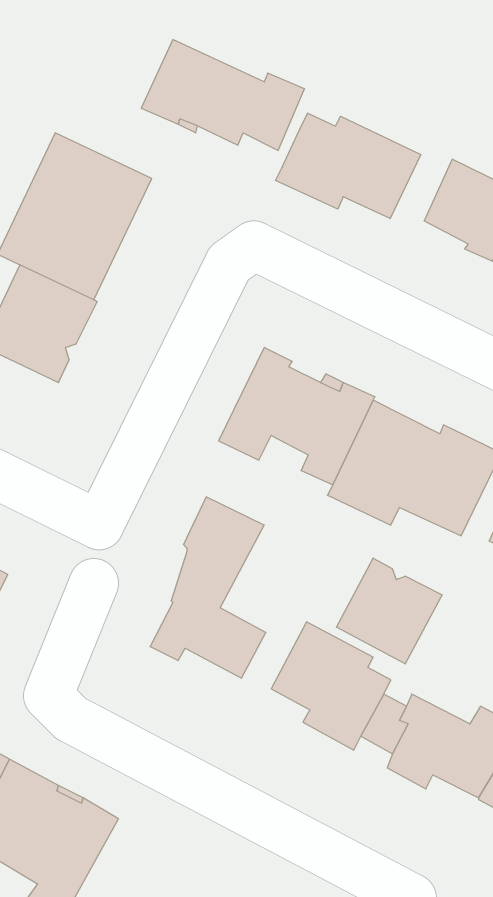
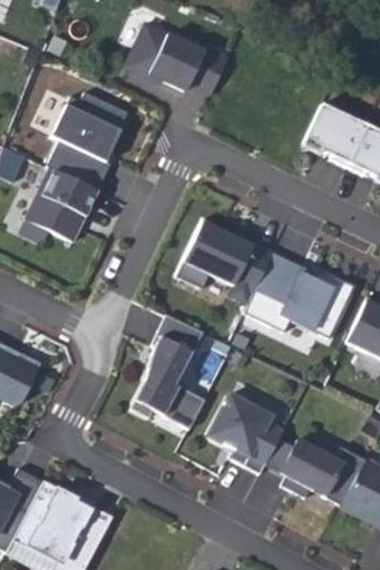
building: [275,113,421,219] -> none
building: [336,558,442,664] -> none

